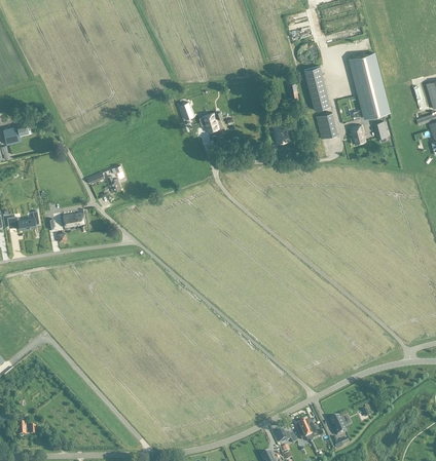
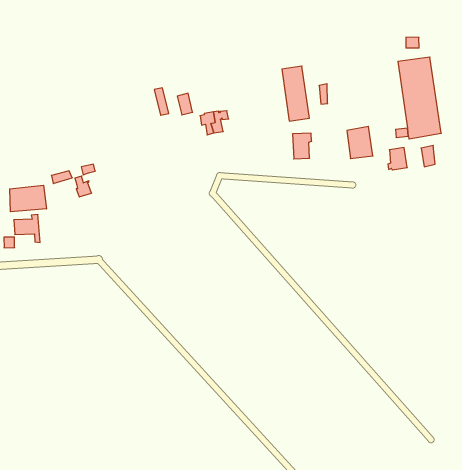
building: [303,66,329,110] -> [282,66,309,121]
building: none -> [10,185,46,212]

